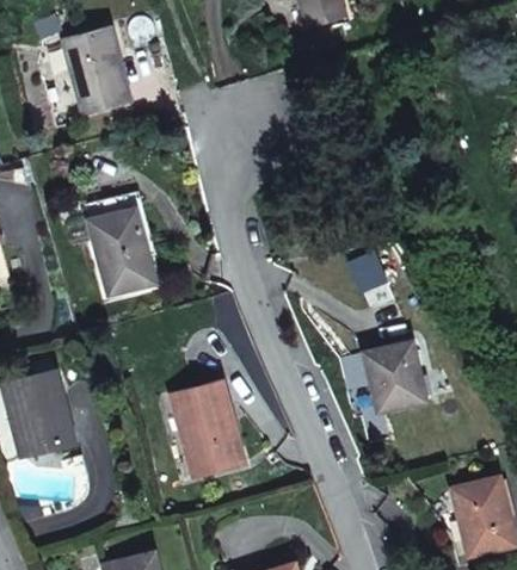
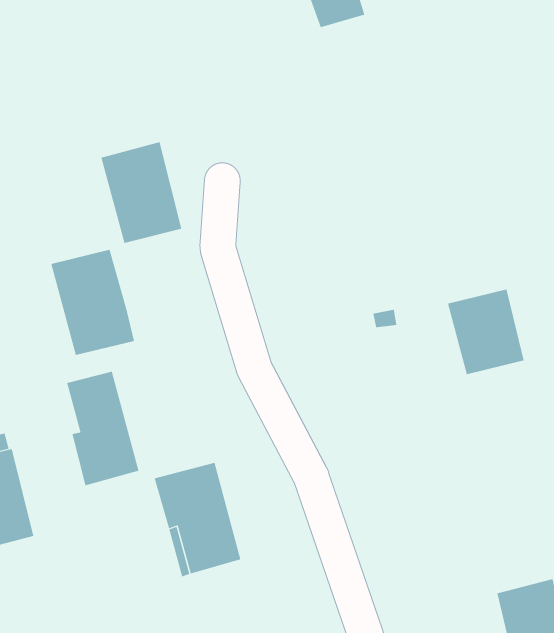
building: [63,29,130,112] -> [101,141,182,243]
building: none -> [67,371,139,486]
building: [363,341,426,411] -> [447,289,525,375]

